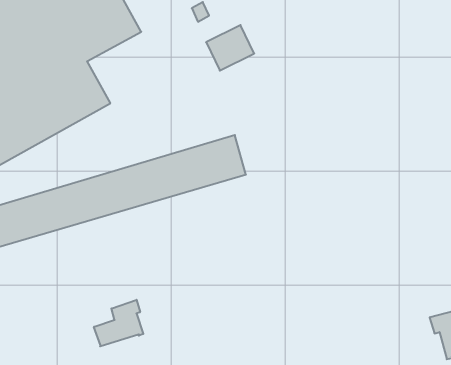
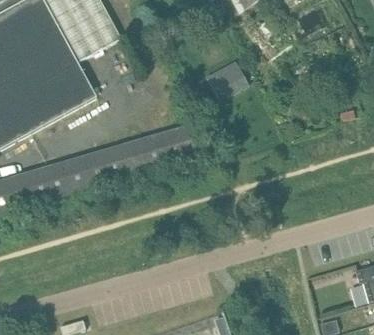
building: [206,25,254,71] -> [208,58,247,95]
building: [94,300,143,346] -> none

